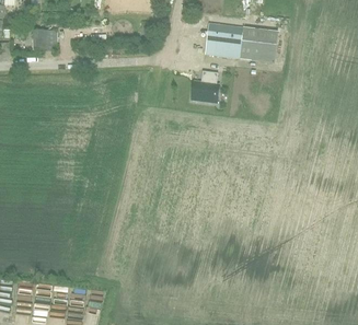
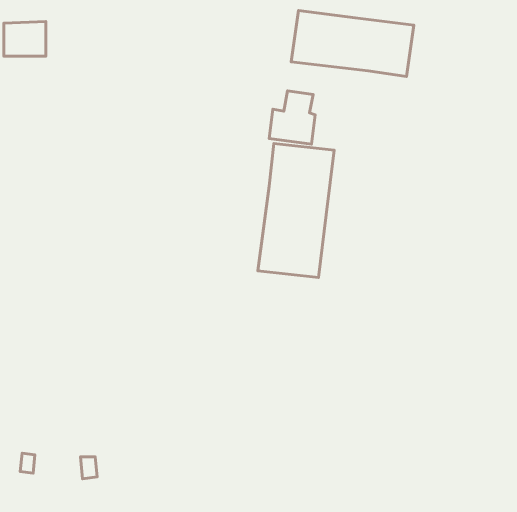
building: none -> [258,143,334,277]

